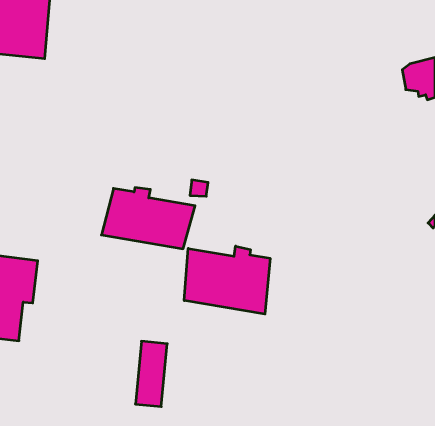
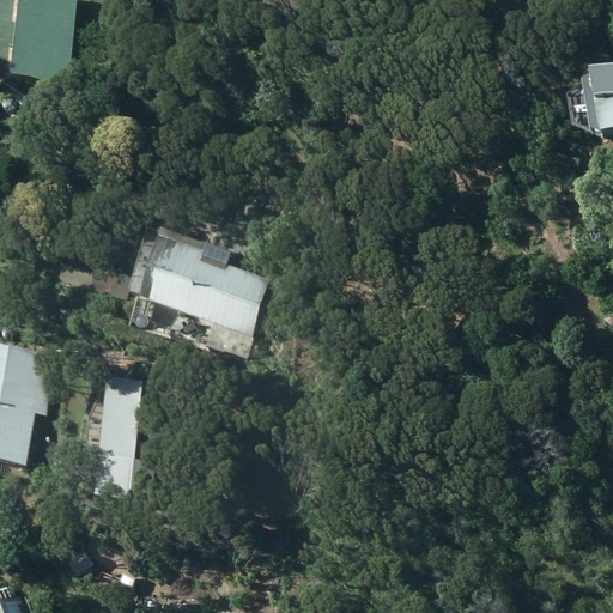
building: [184,246,270,314] -> none
building: [135,341,167,407] -> [97,388,141,479]

